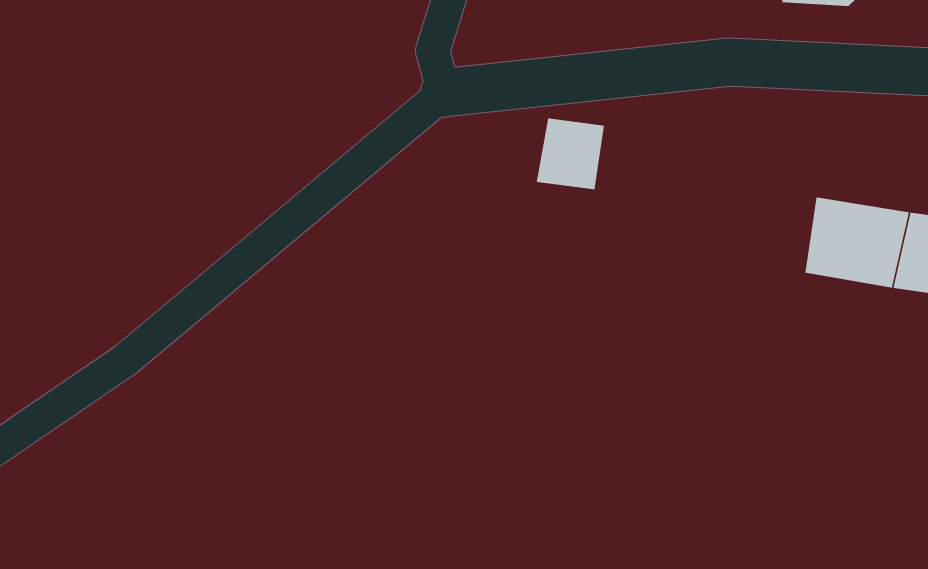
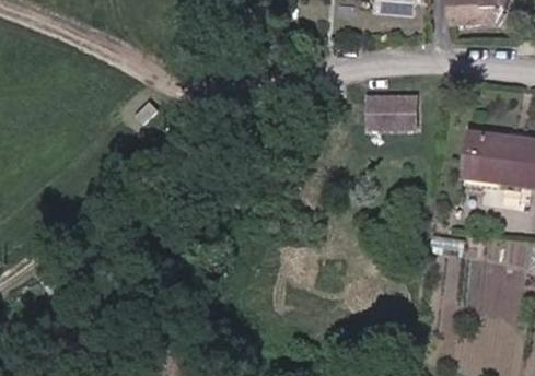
building: [536,117,605,190] -> [364,87,404,129]

